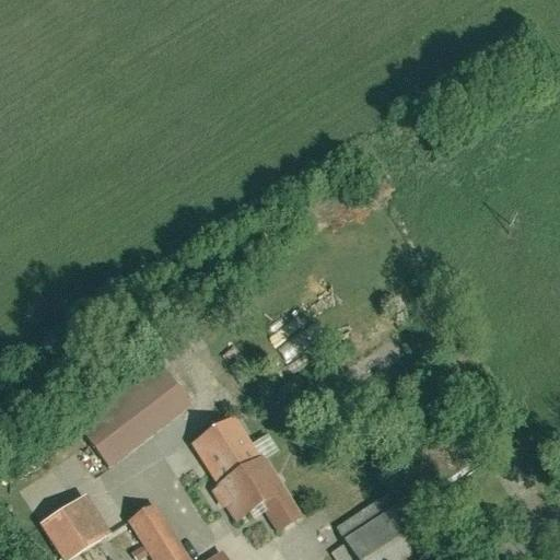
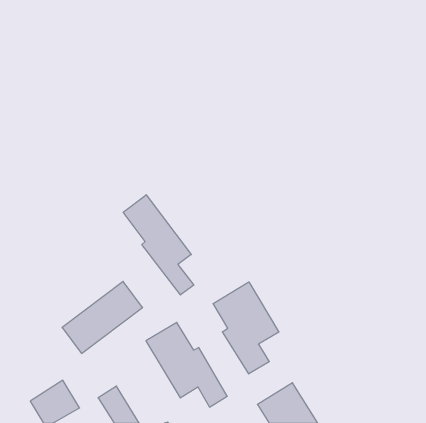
building: none -> [123,195,194,295]
building: none -> [213,282,279,374]

